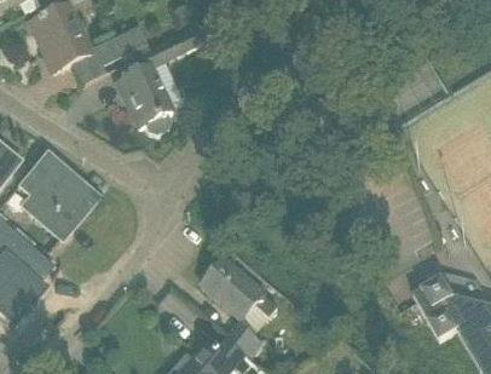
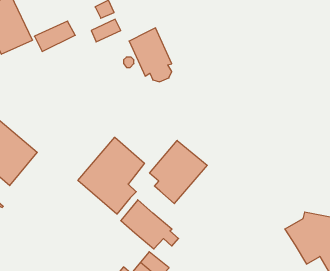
building: [117,65,172,134] -> [129,28,172,82]
building: none -> [78,137,144,214]
building: none -> [150,140,207,204]

